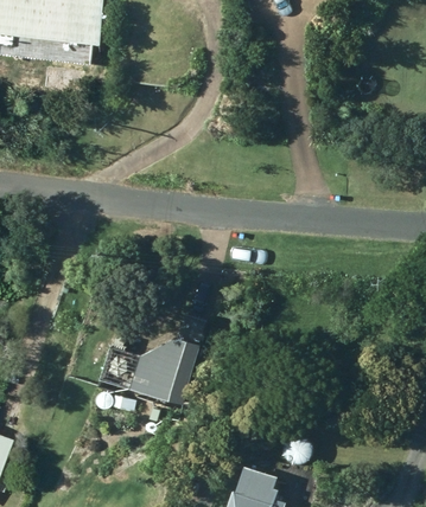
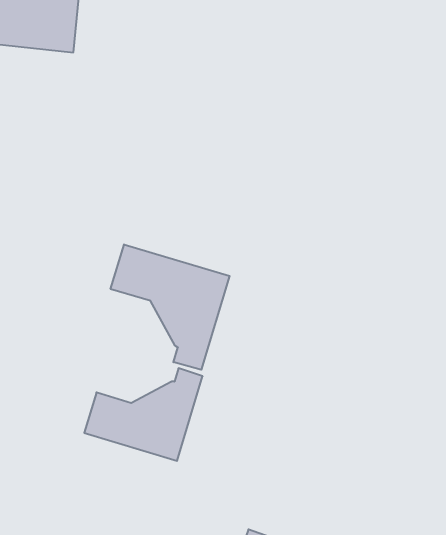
building: none -> [111,244,230,370]

